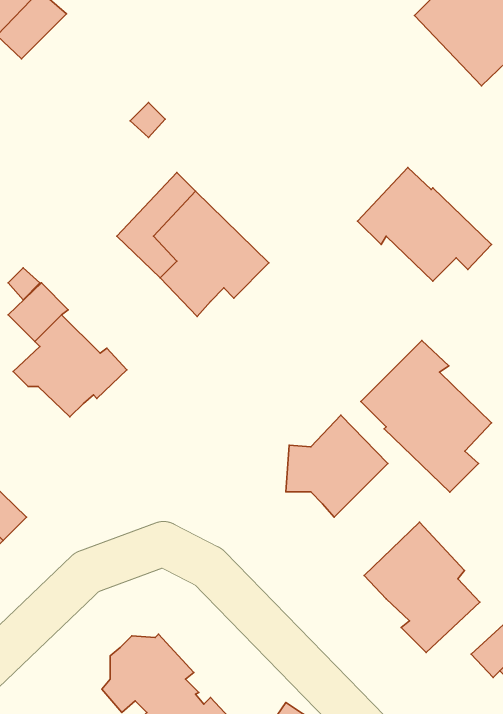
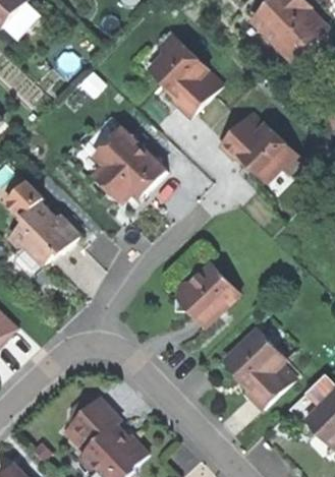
building: none -> [150,34,221,117]
building: [361,340,492,492] -> none

